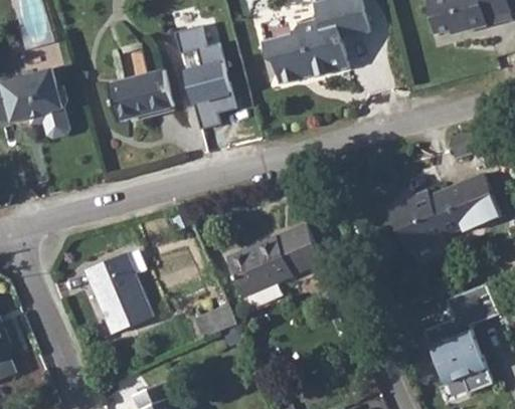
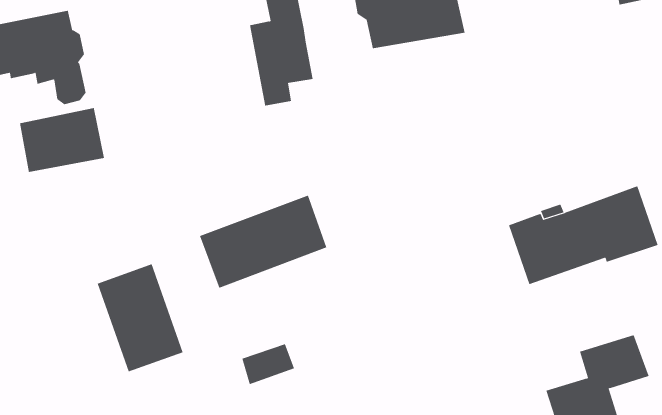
building: [107,69,172,121] -> [19,107,105,173]
building: [225,223,321,296] -> [199,195,327,289]

